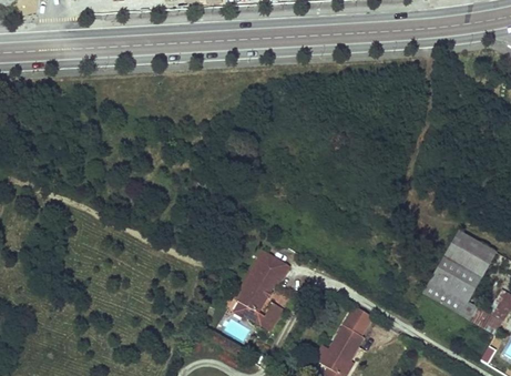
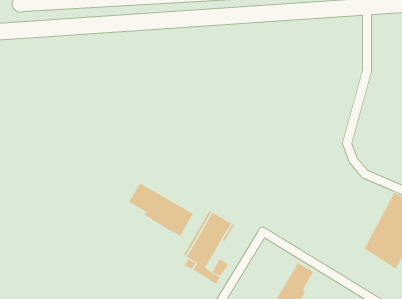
building: none -> [128,182,194,236]

